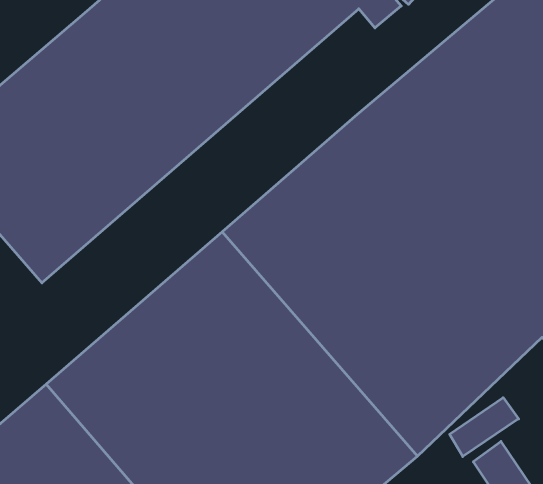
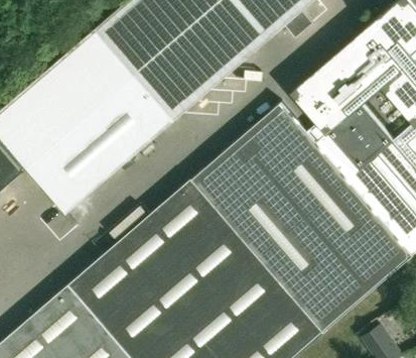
building: [450,398,519,457] -> none

